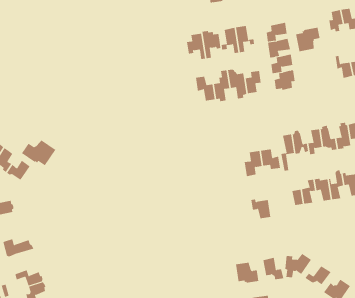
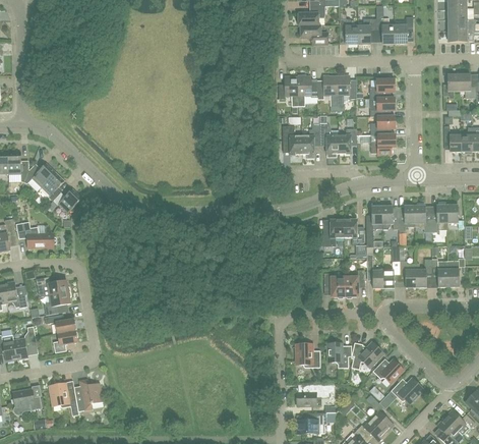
building: [296,27,320,52] -> none
building: [21,140,56,166] -> none
building: none -> [344,270,364,296]
building: none -> [44,291,70,315]

